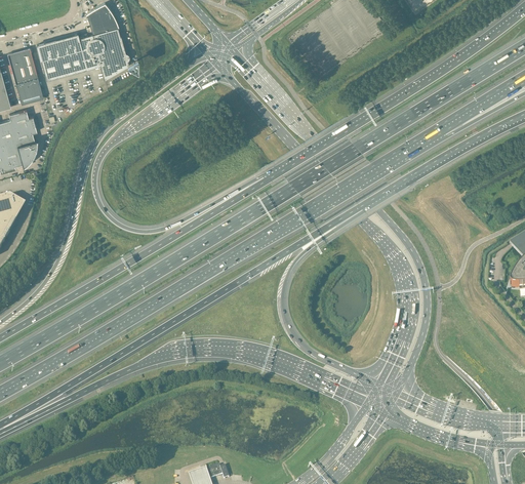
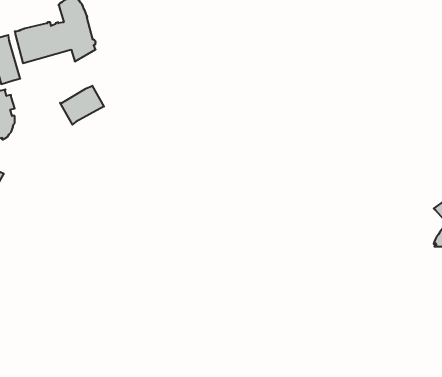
building: none -> [60,86,104,125]

